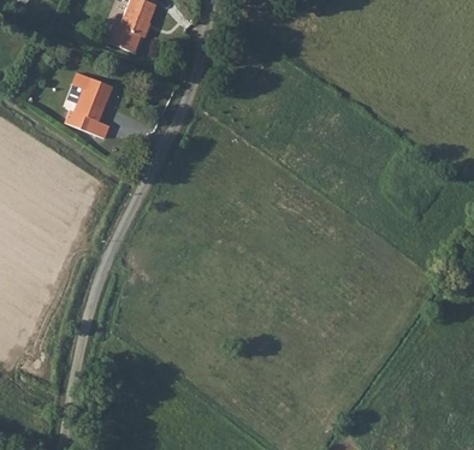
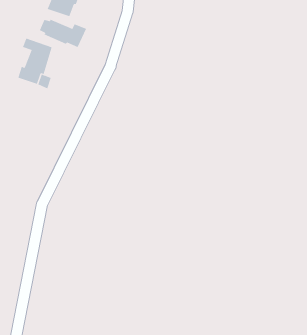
building: none -> [39,19,87,48]

